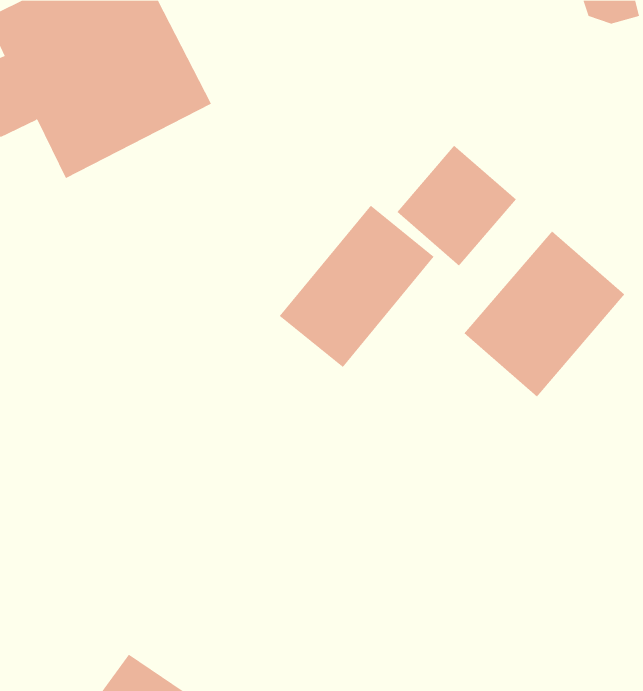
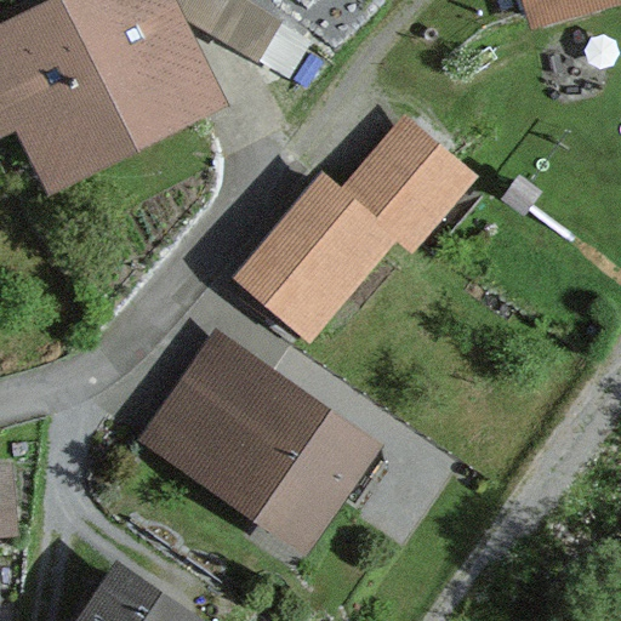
building: [464,230,625,397] -> none
building: none -> [166,351,361,526]

